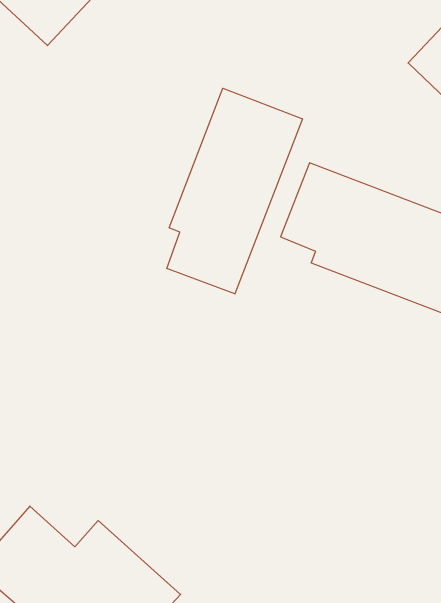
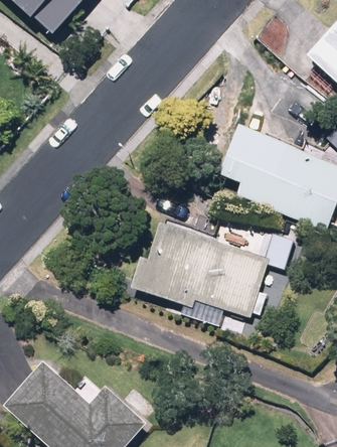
building: [167,88,302,294] -> none
building: none -> [132,219,268,314]

